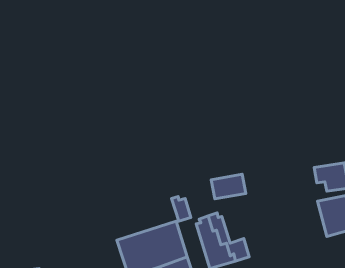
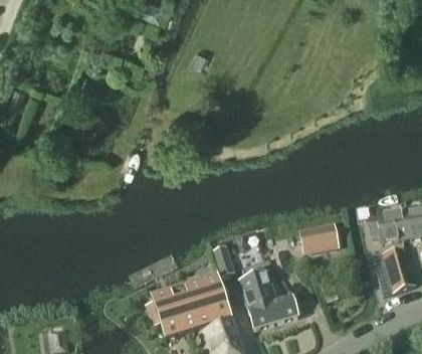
building: [211,174,246,199] -> [299,223,338,250]

